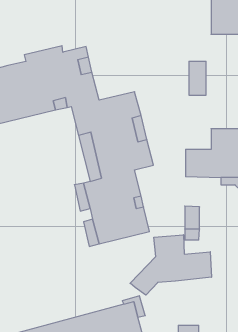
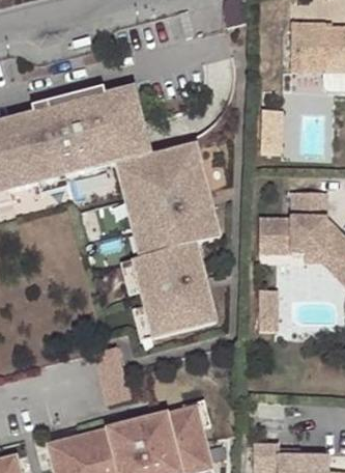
building: [130,235,211,295] -> none

